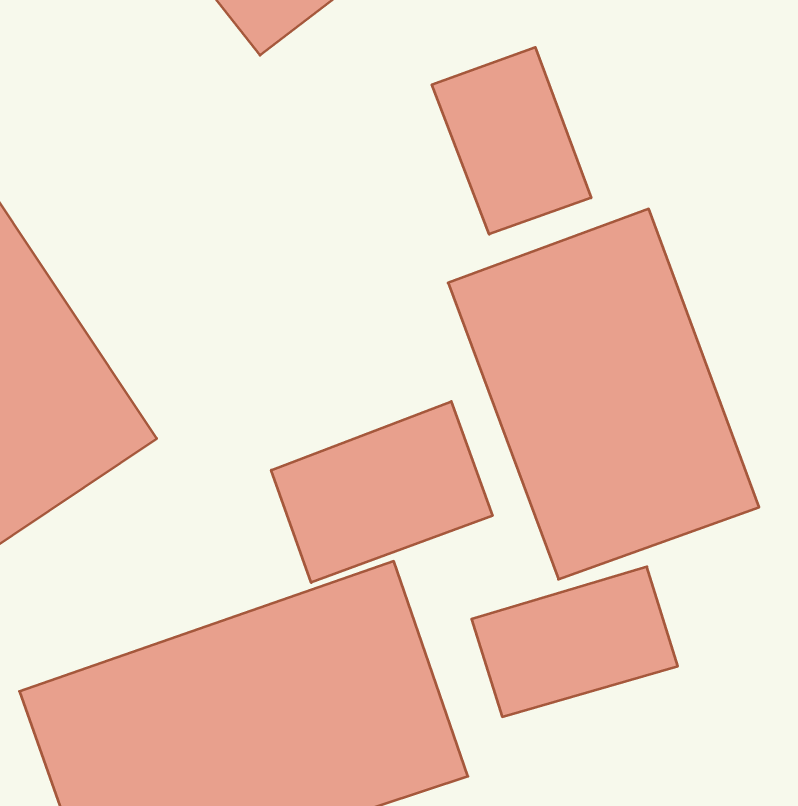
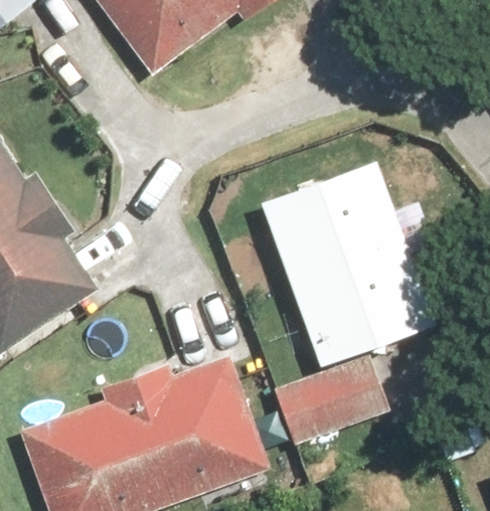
building: [432,47,591,234] -> none
building: [271,401,492,583] -> none

